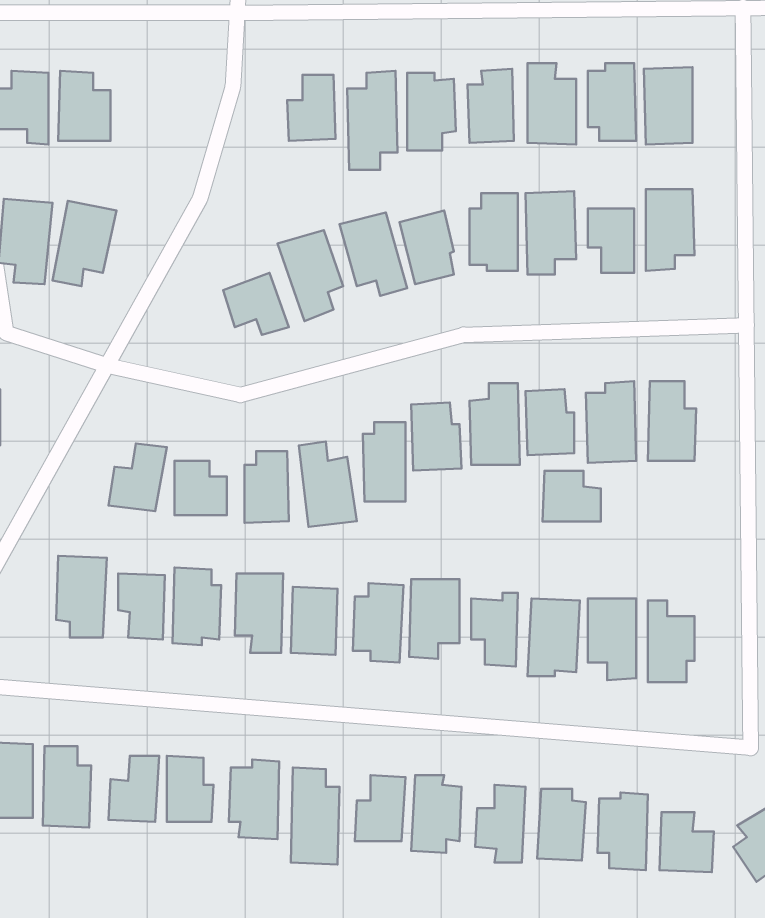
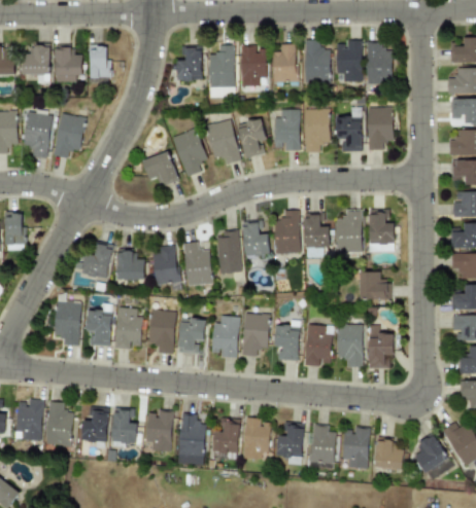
building: none -> [91,45,112,77]
building: [543,471,601,521] -> [360,271,390,298]

